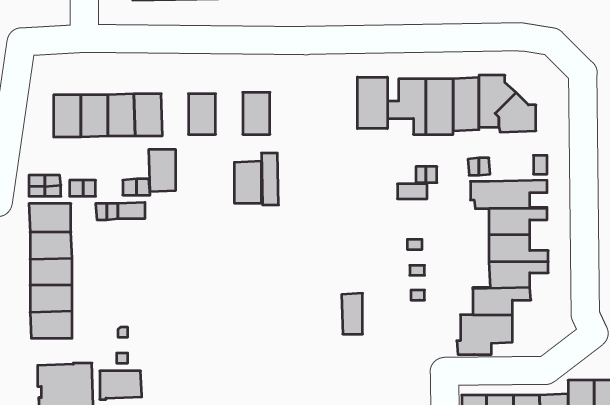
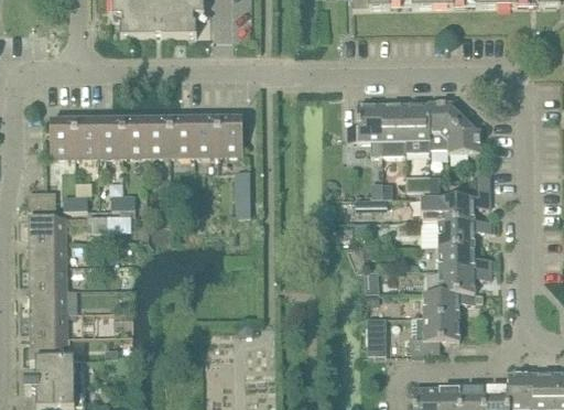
building: [357,77,387,129] -> none
building: [149,150,176,192] -> [147,118,171,155]
building: [234,161,262,203] -> [195,117,219,154]
building: [342,293,363,334] -> [368,317,387,354]
building: [100,371,142,399] -> [31,336,68,362]

